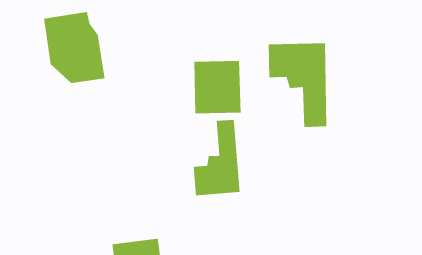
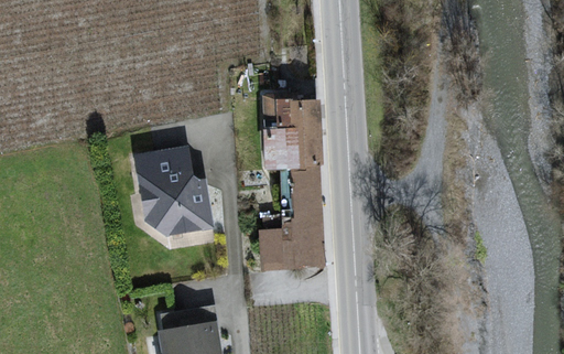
building: [43,11,105,84] -> [132,144,213,238]
building: [268,42,327,128] -> none

